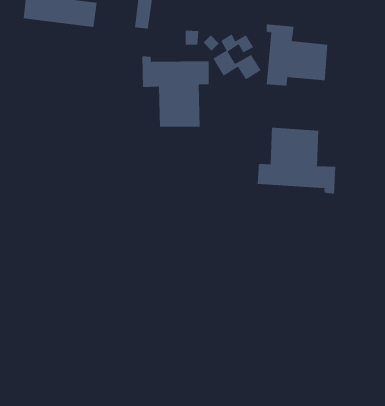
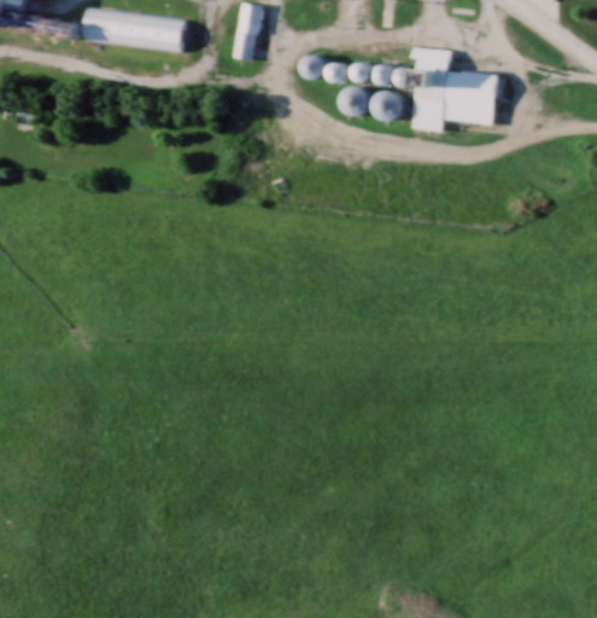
building: [142,56,209,127] -> none
building: [257,127,336,195] -> none

